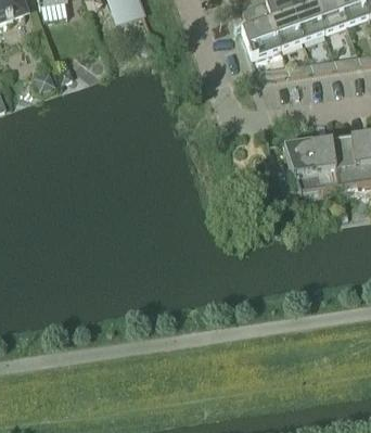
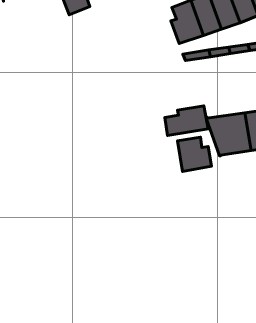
building: none -> [165,106,208,136]
building: none -> [177,137,211,171]

